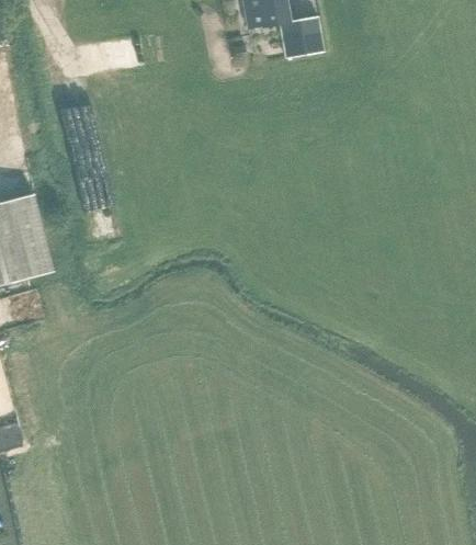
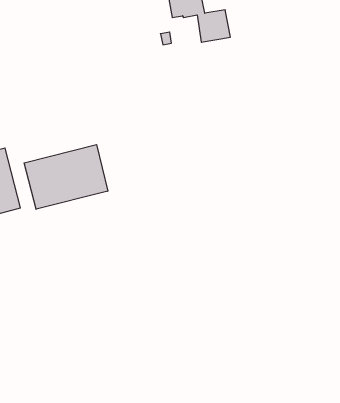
building: none -> [24,145,108,209]

